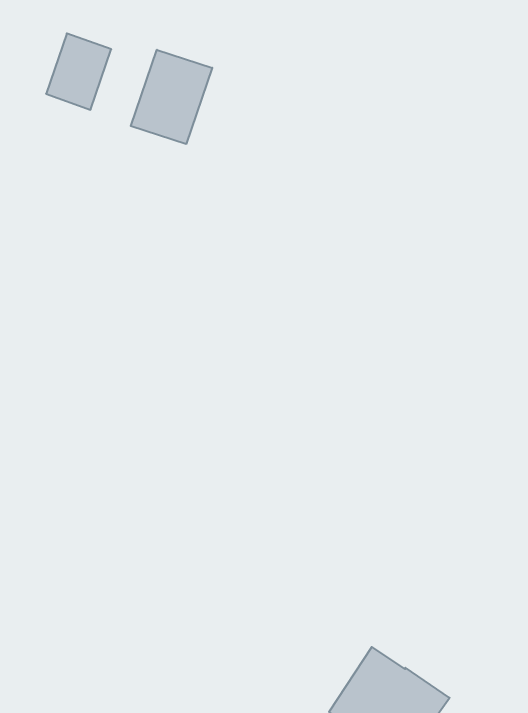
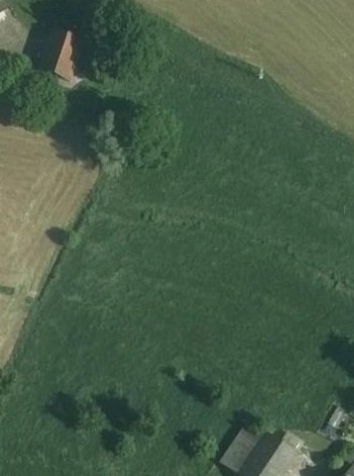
building: [131,50,212,144] -> none

